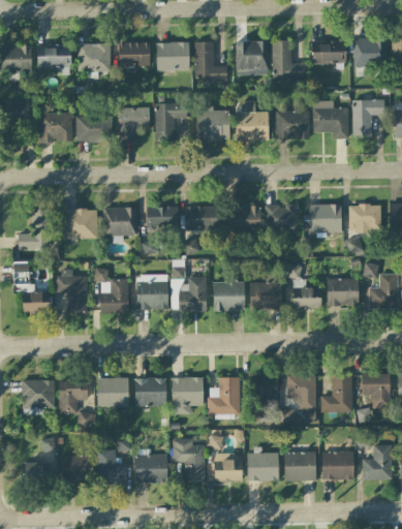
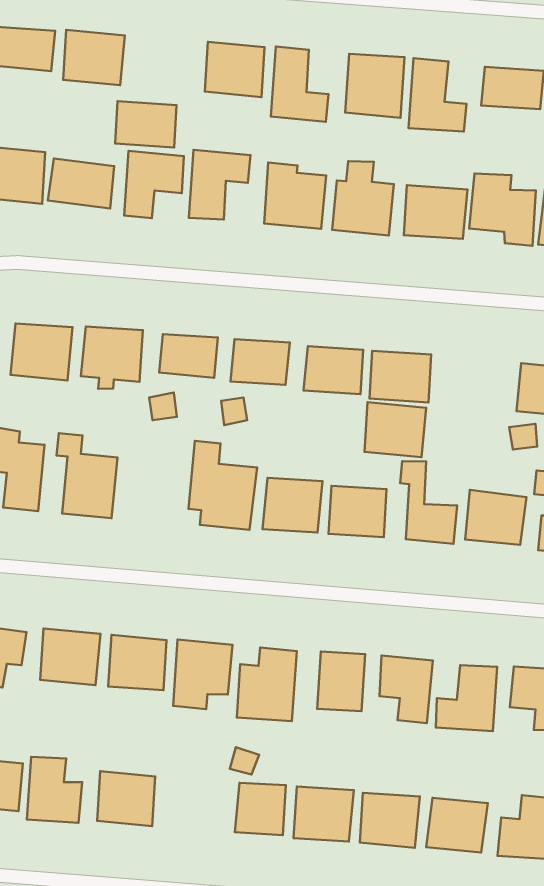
building: [116,42,150,67] -> [115,101,176,147]
building: [308,205,341,232] -> [364,402,426,457]
building: [136,275,168,309] -> none
building: [173,439,205,481] -> none

